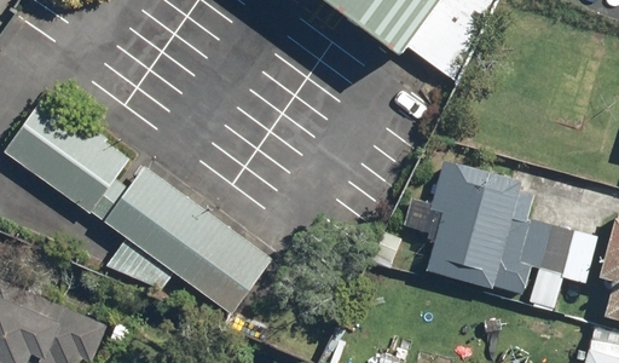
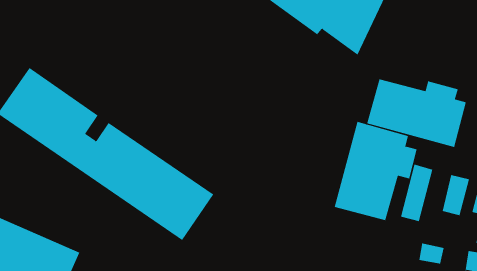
building: none -> [366,78,466,148]

